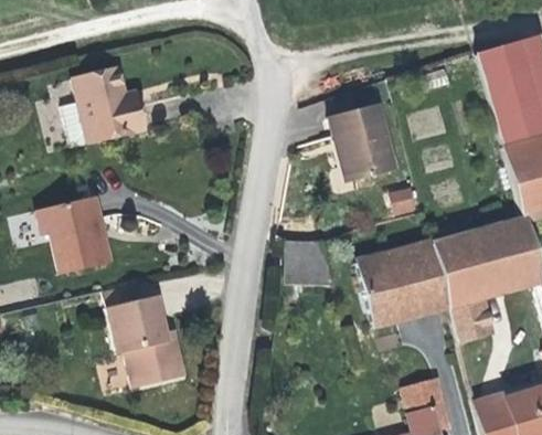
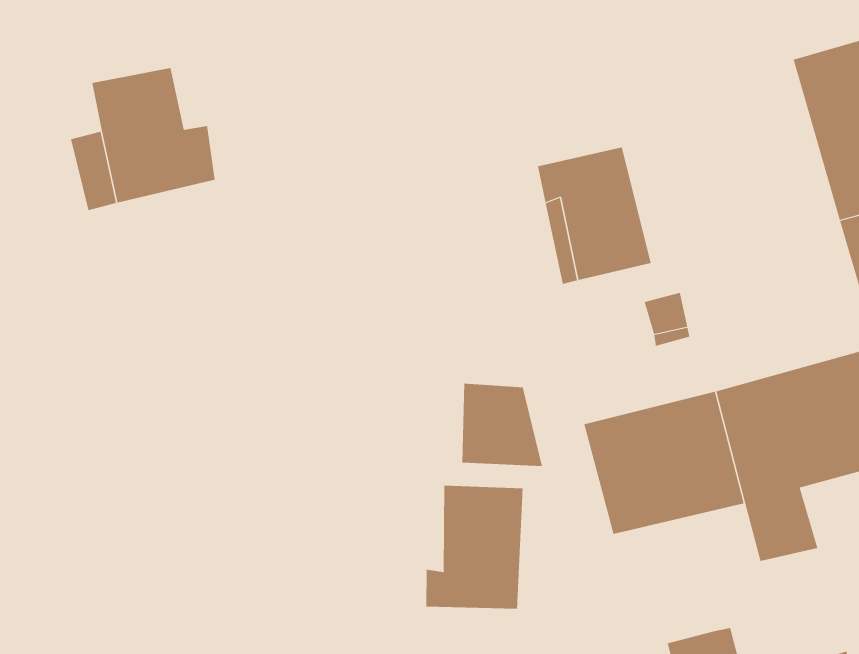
building: [38,191,110,270] -> none
building: [104,275,183,384] -> none
building: none -> [426,485,523,610]

